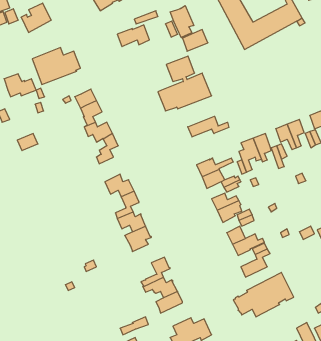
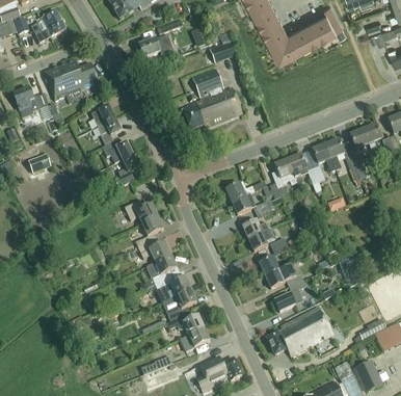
building: [170,6,194,38] -> none
building: [188,116,229,137] -> none
building: none -> [155,274,190,301]

